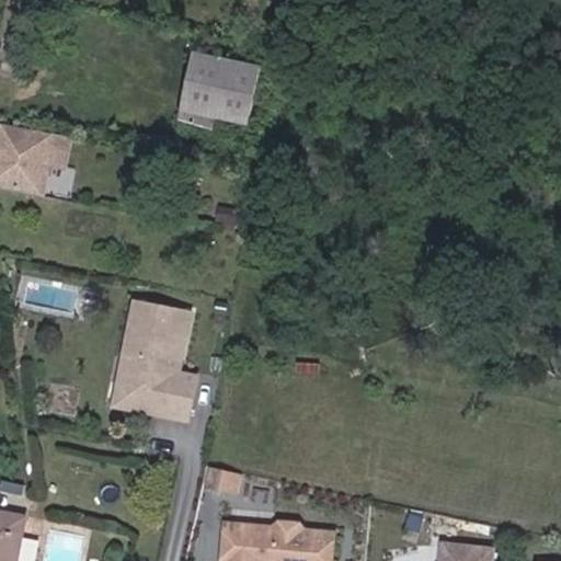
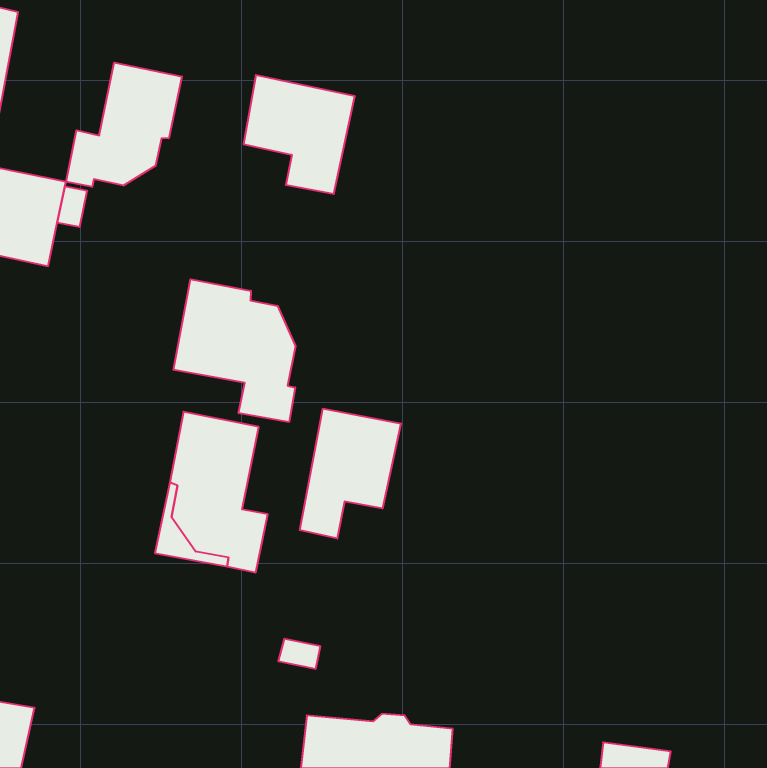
building: none -> [66,63,182,187]
building: none -> [174,279,295,422]
building: none -> [300,409,401,539]

